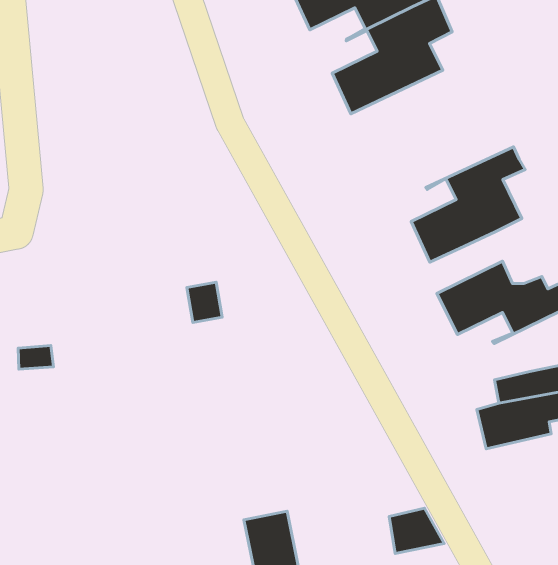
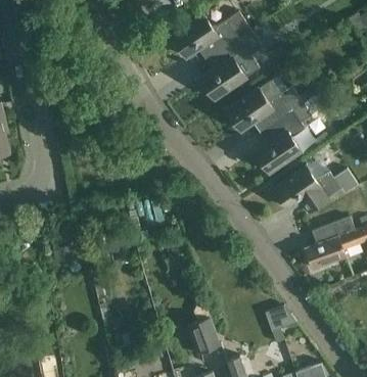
building: none -> [226,82,313,134]

